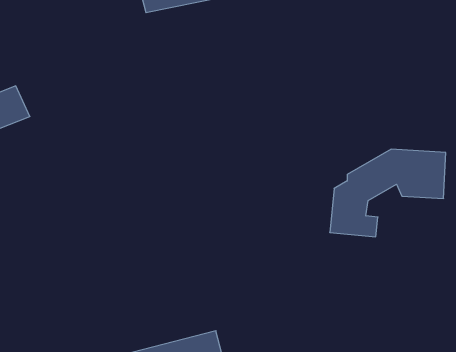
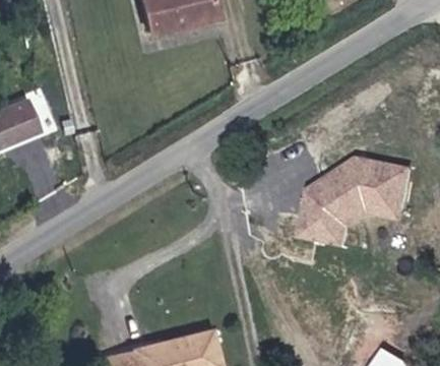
building: none -> [350,190,422,221]

